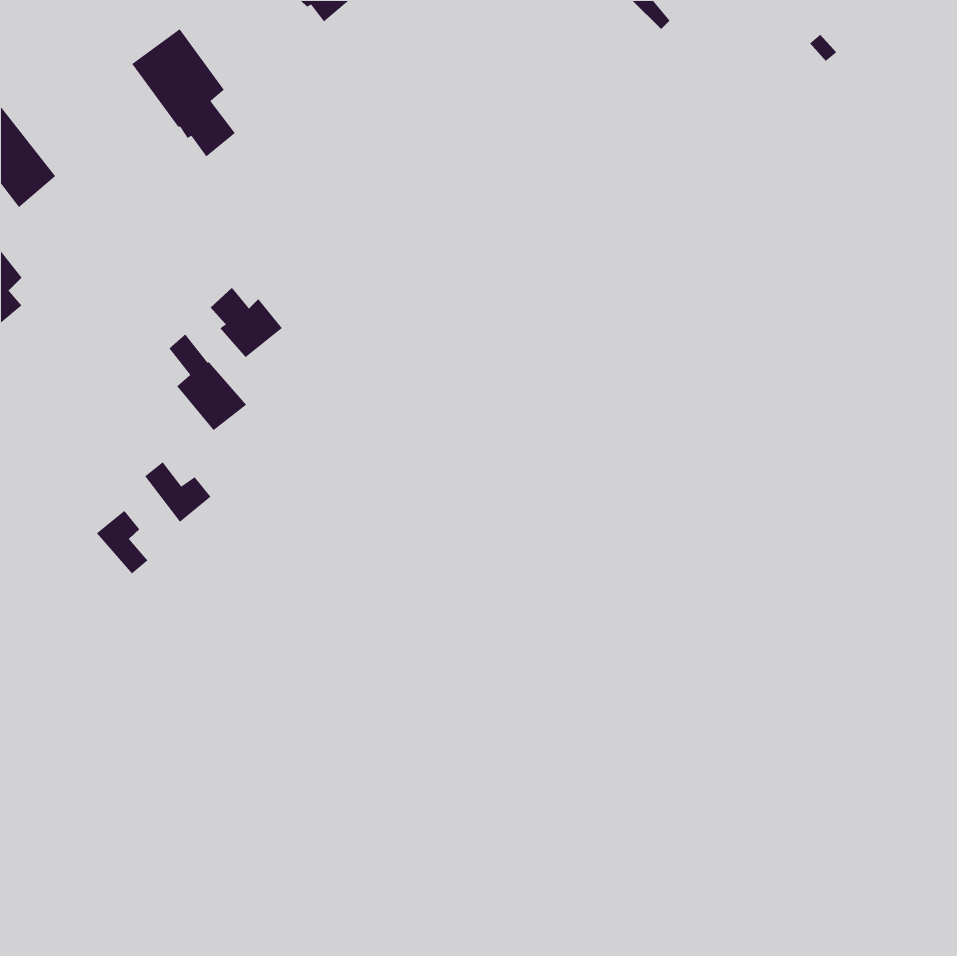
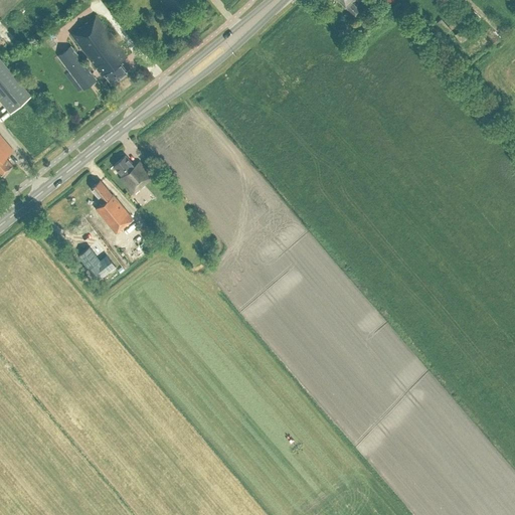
building: none -> [57,45,97,91]
building: [96,510,148,574] -> none

